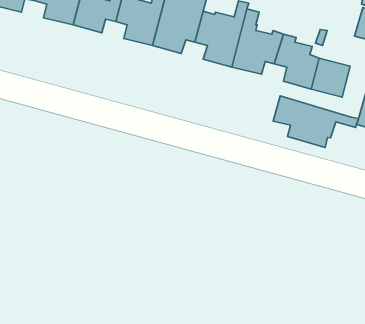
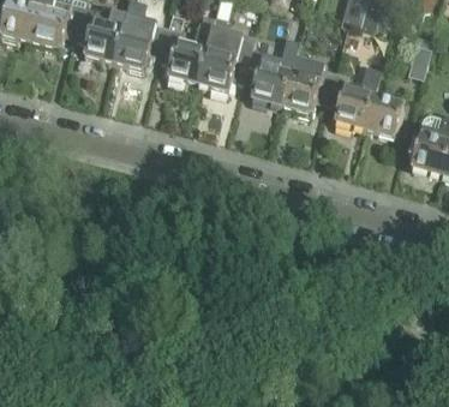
building: [273,96,359,148] -> none

